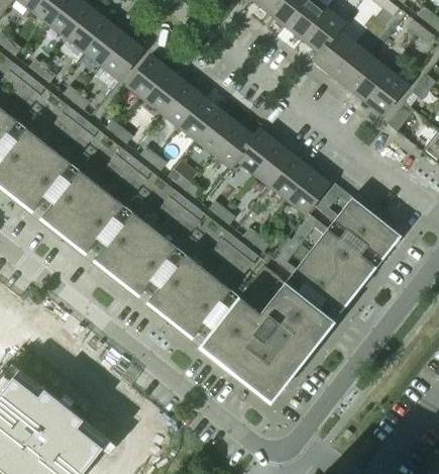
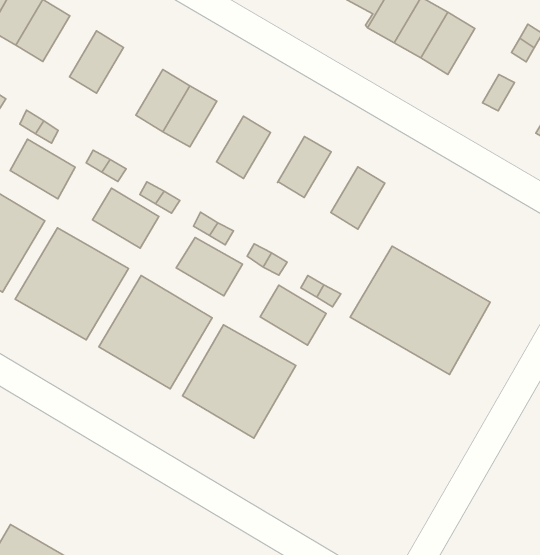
building: [85,23,125,66] -> none
building: [126,56,168,99] -> none
building: [365,72,406,114] -> none
building: [179,97,219,139] -> none
building: [213,124,259,168] -> none
building: [253,144,294,186] -> none
building: [288,171,328,213] -> none
building: [316,183,398,257] -> none
building: [198,265,335,403] -> none

